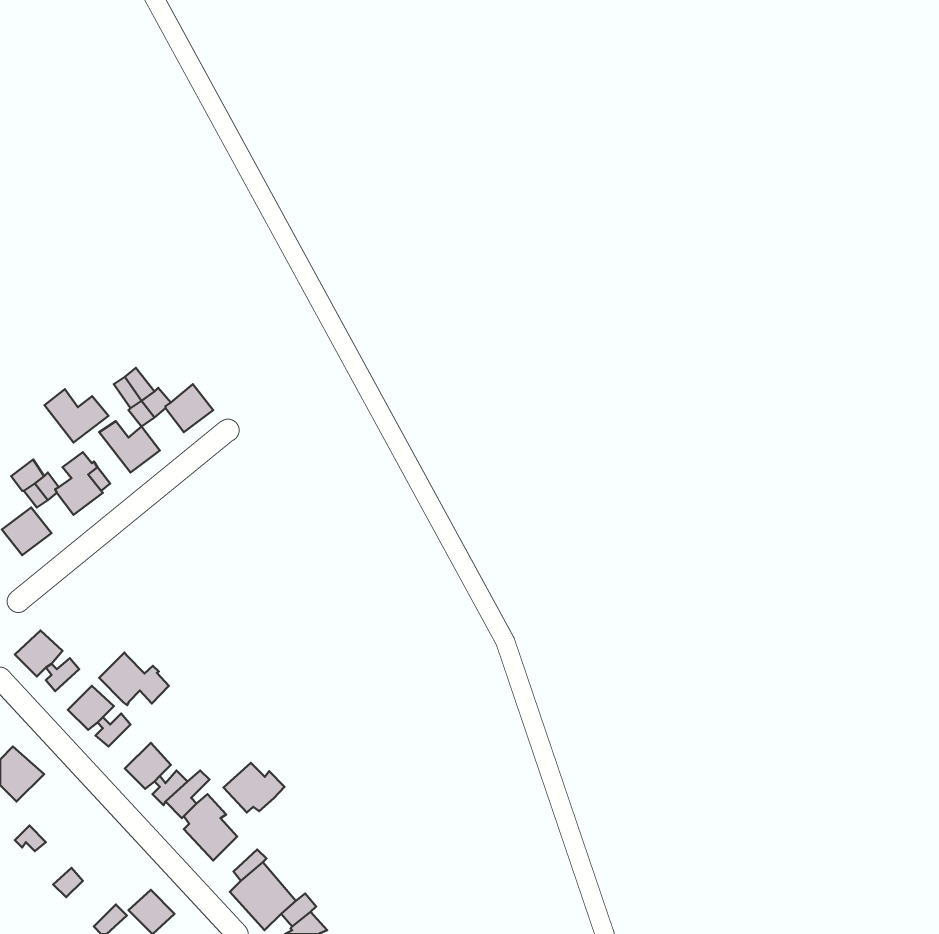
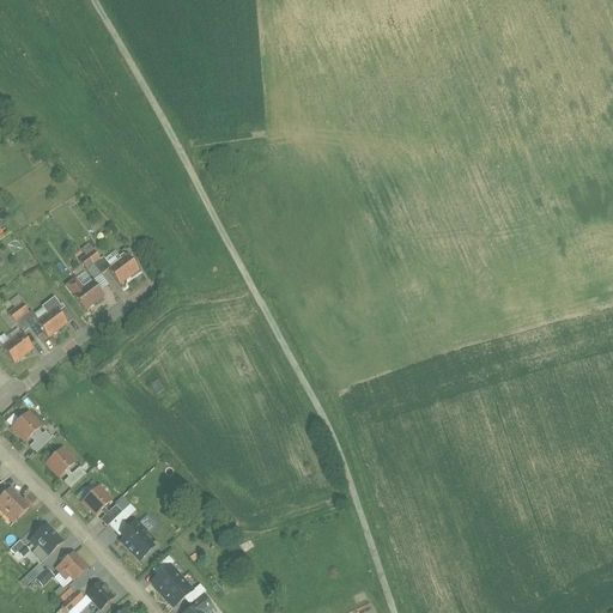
building: [44,389,109,442] -> none
building: [99,653,169,705] -> none
building: [223,763,285,812] -> none
building: none -> [28,524,61,557]
building: none -> [54,548,89,579]

